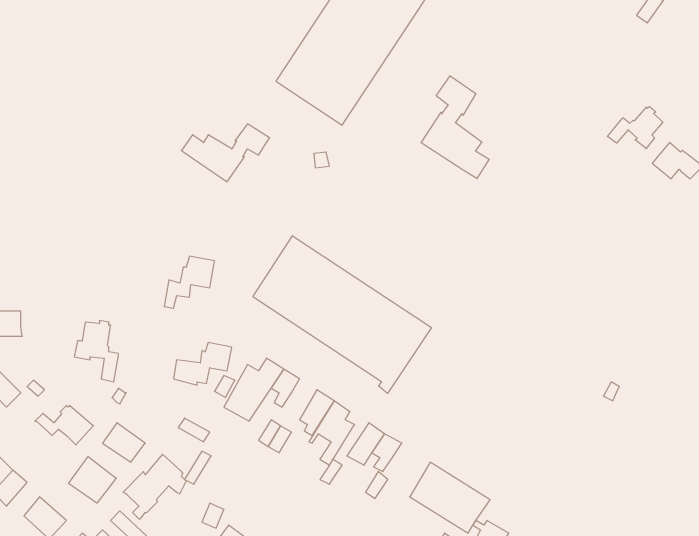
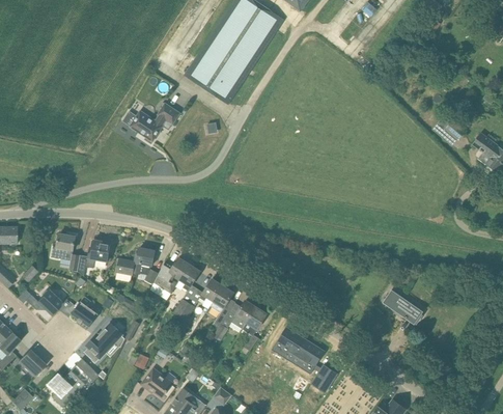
building: [421,76,489,179] -> none
building: [607,107,663,149] -> none
building: [253,236,431,393] -> none
building: [164,256,215,308] -> [77,240,110,274]
building: none -> [382,288,422,324]
building: [69,457,116,503] -> none

